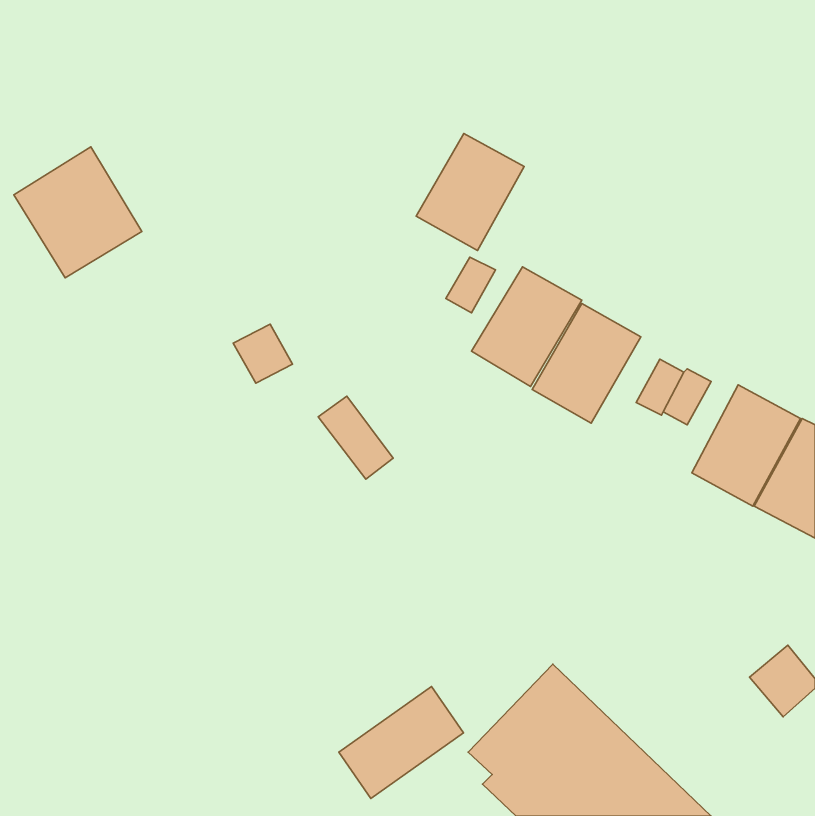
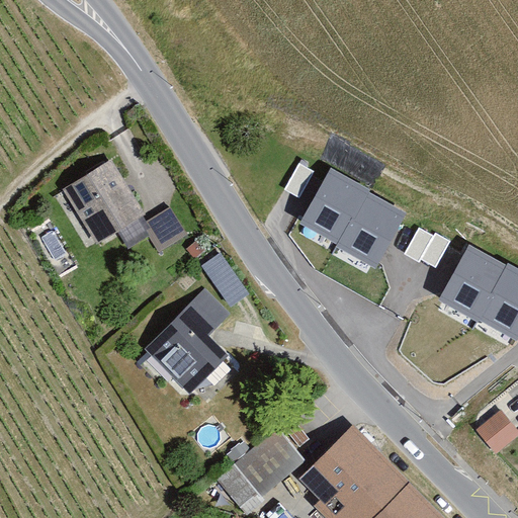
building: [416,133,524,251] -> none
building: [14,147,142,278] -> [62,161,143,244]
building: none -> [143,291,231,398]

